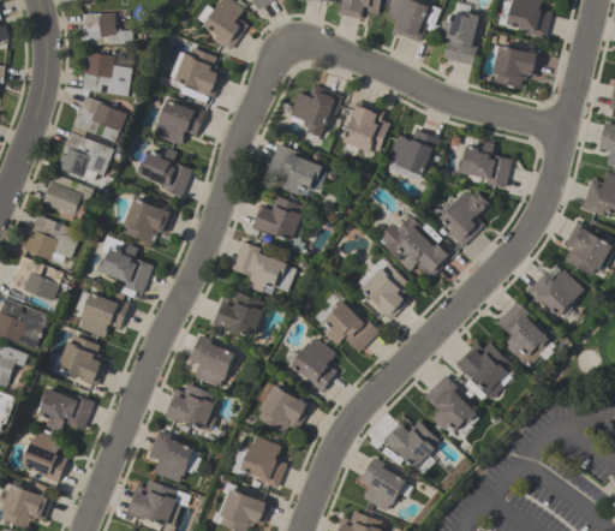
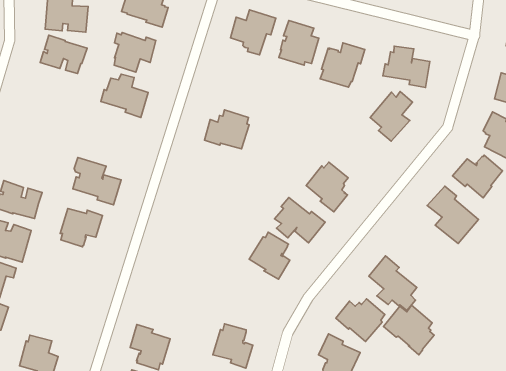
building: [56,132,114,178] -> none
building: [267,144,322,195] -> none
building: [43,173,92,216] -> none
building: [124,198,175,245] -> none
building: [24,215,82,261] -> none
building: [378,216,452,279] -> none
building: [232,241,295,294] -> none
building: [211,291,263,338] -> none
building: [58,335,106,387] -> none
building: [190,335,234,387] -> none
building: [455,342,512,399] -> [383,305,434,355]
building: [163,384,215,432] -> none
building: [258,386,312,435] -> none
building: [40,388,94,432] -> none

